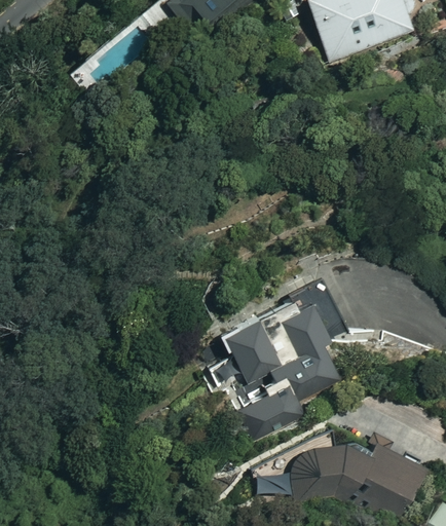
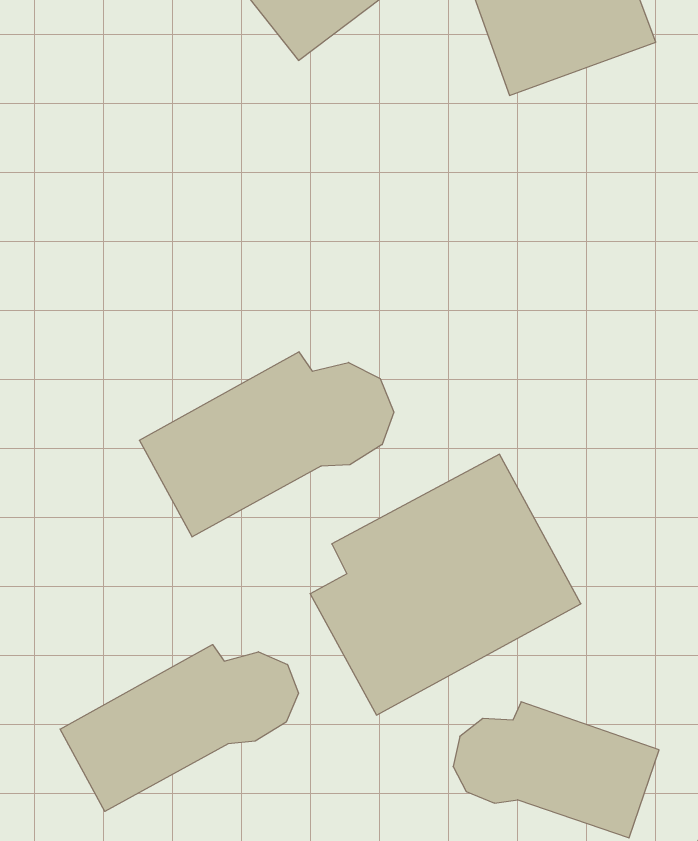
building: none -> [139,352,394,537]
building: none -> [60,645,299,811]

